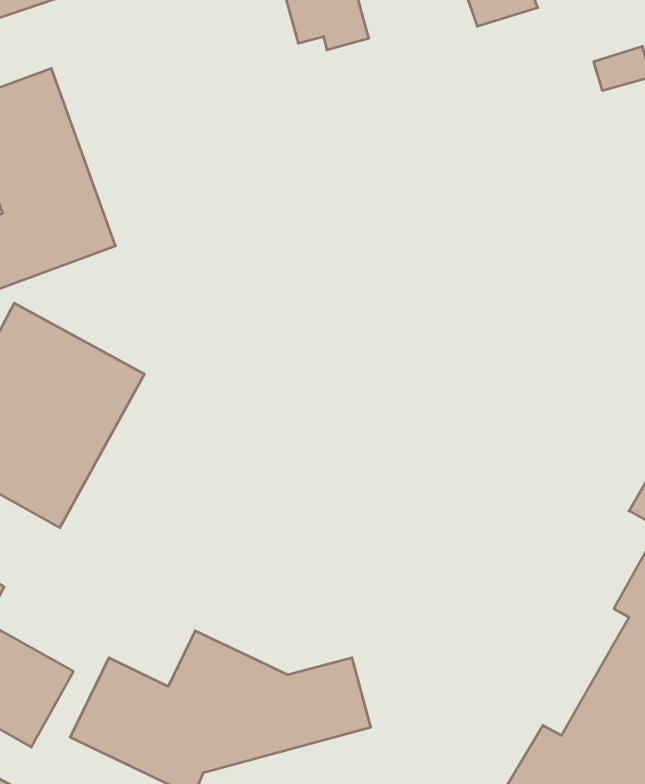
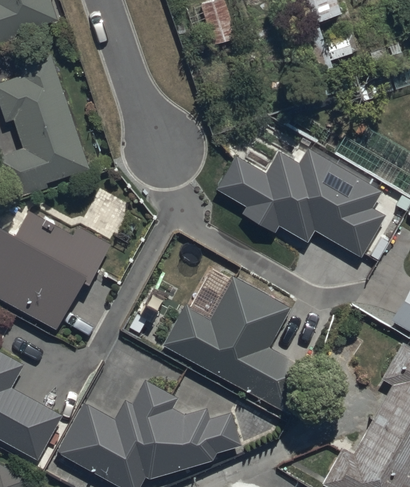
building: none -> [219,155,396,267]
building: none -> [166,274,312,411]

